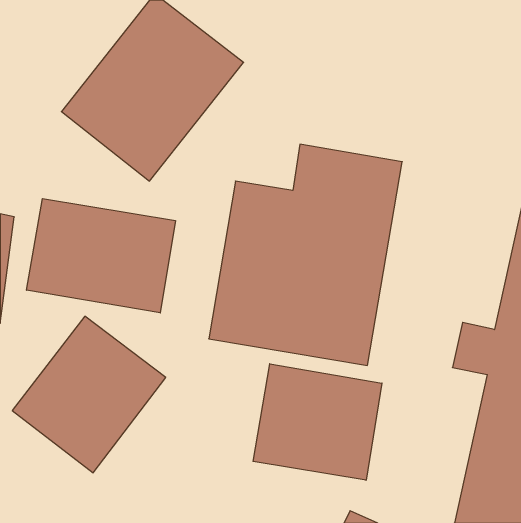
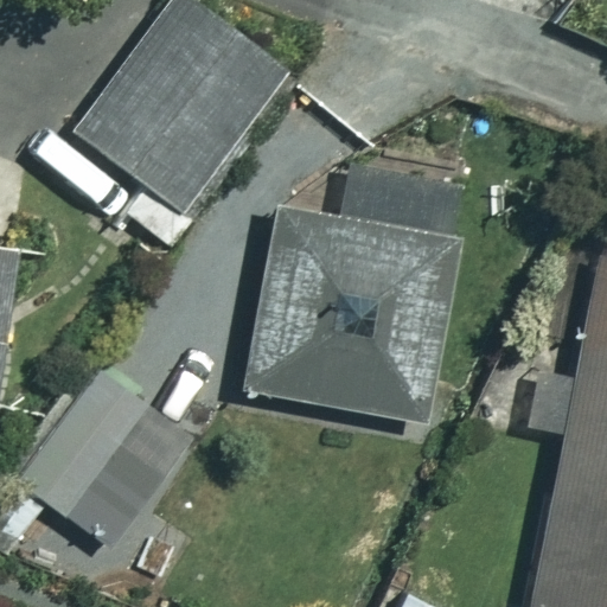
building: [27,199,175,313] -> none
building: [253,364,382,480] -> none

